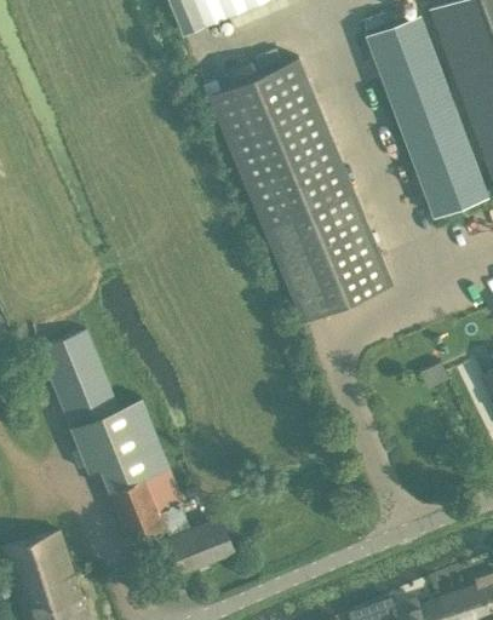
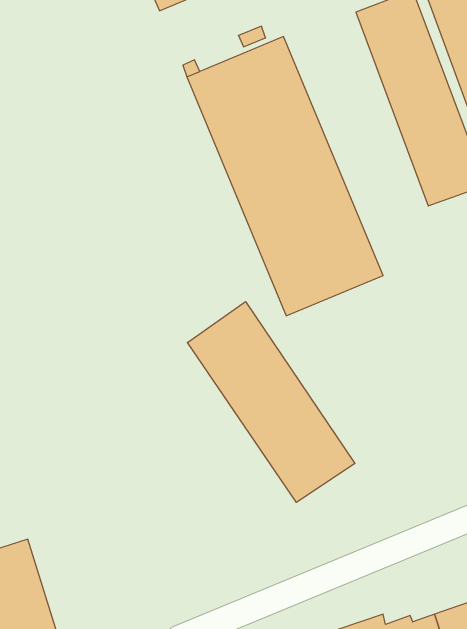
building: none -> [187,302,355,502]
building: [39,331,235,574] -> none

